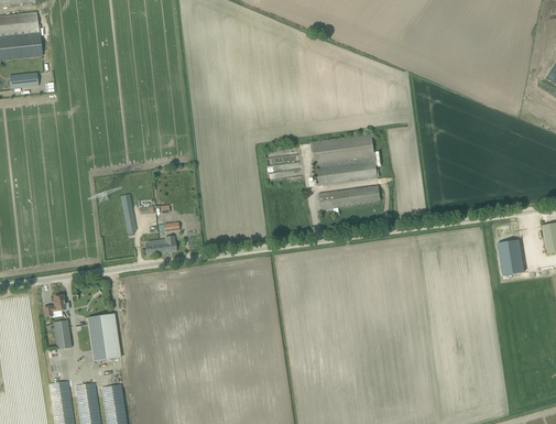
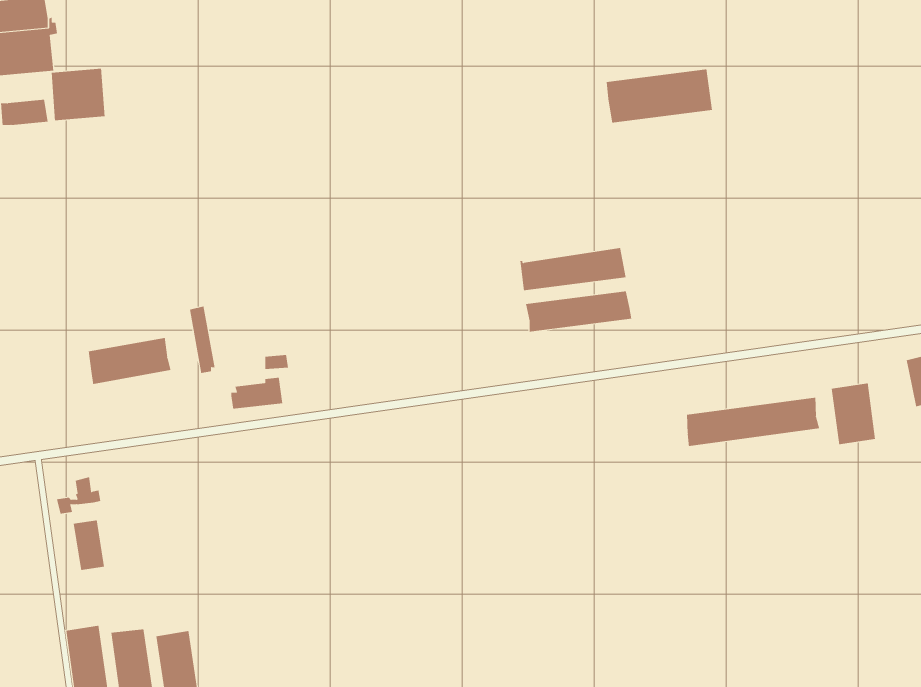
building: none -> [51,68,105,121]
building: [312,133,374,165] -> [606,69,713,123]
building: none -> [88,337,171,385]
building: none -> [687,397,820,447]
building: [87,313,121,361] -> none

